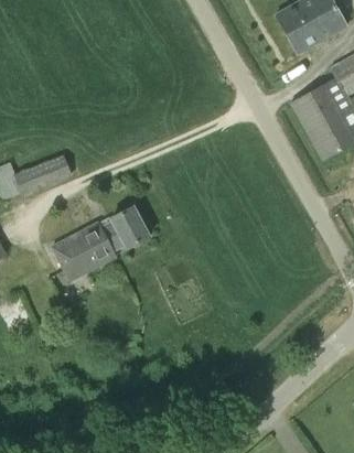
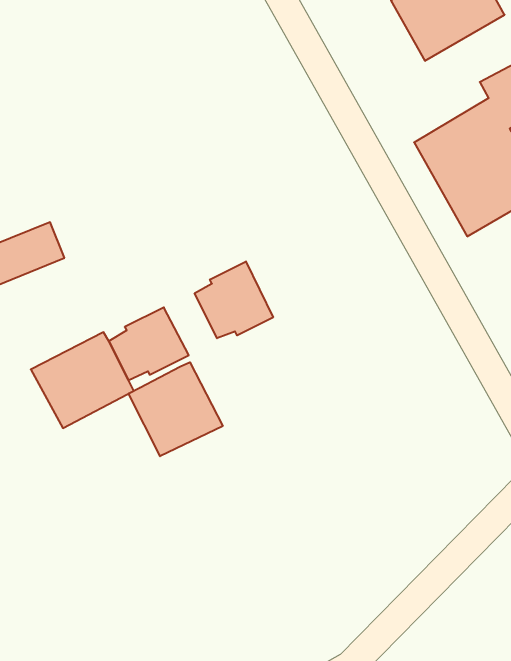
building: none -> [195,261,273,338]
building: none -> [129,362,223,456]

